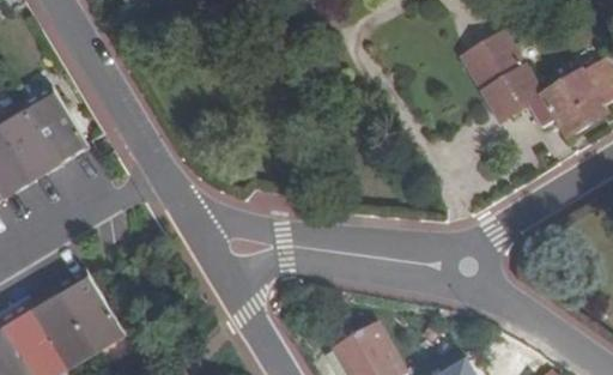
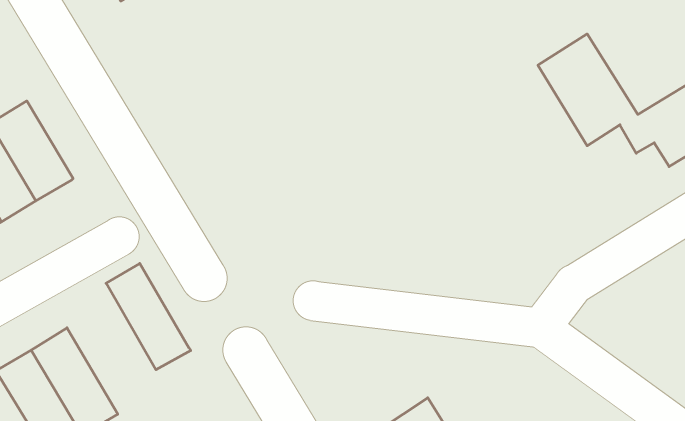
building: none -> [106,263,191,370]

